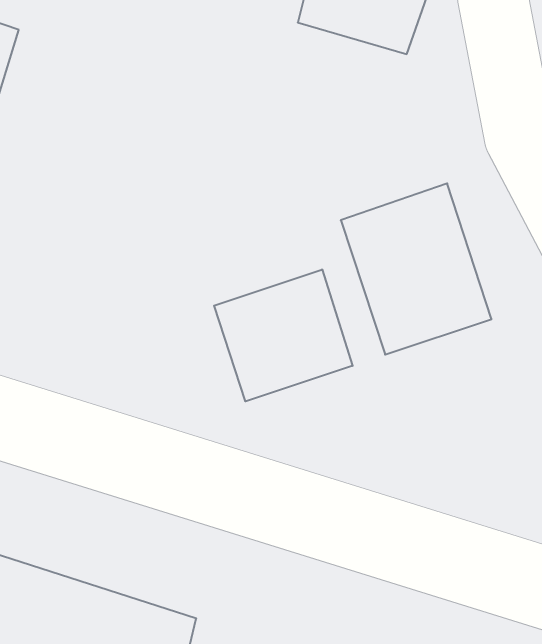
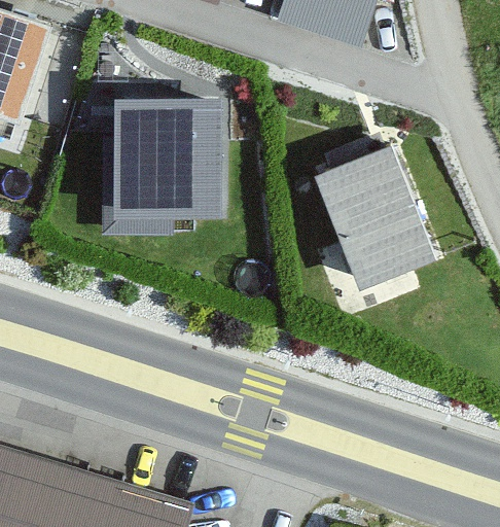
building: none -> [114,103,220,218]
building: [214,269,353,401] -> none

